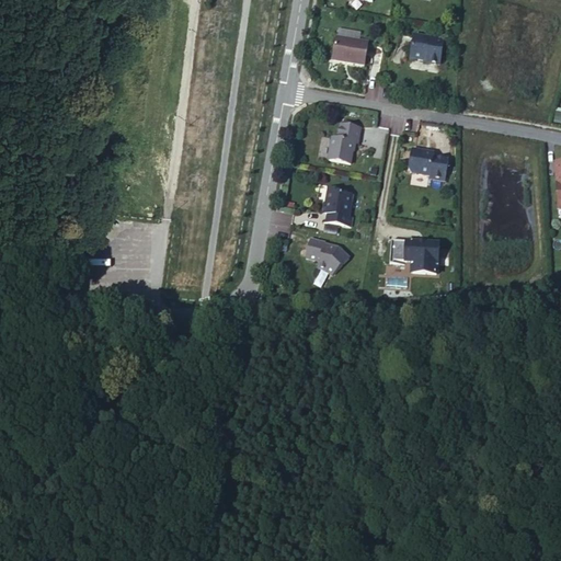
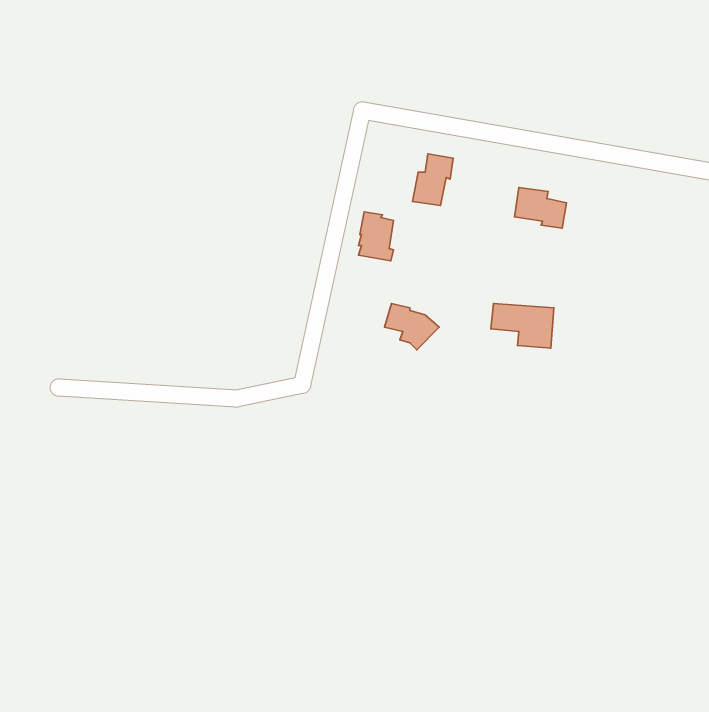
building: [411,33,444,62] -> none
building: [332,34,368,62] -> none
building: [324,186,352,225] -> [359,212,394,261]

